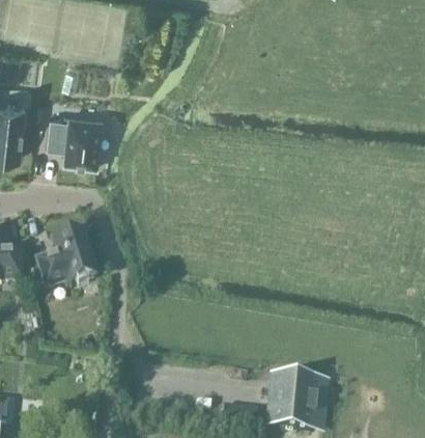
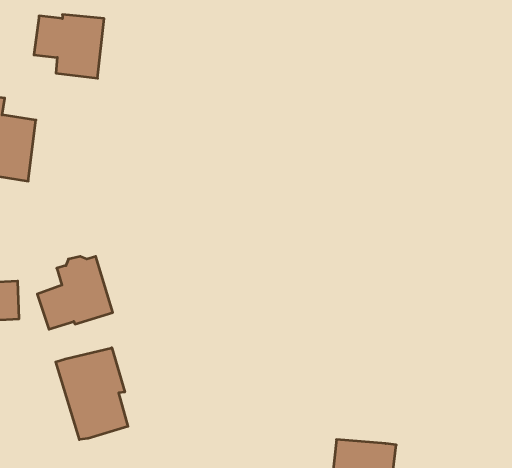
building: [44,111,100,162] -> [34,15,104,78]
building: none -> [56,348,128,440]

